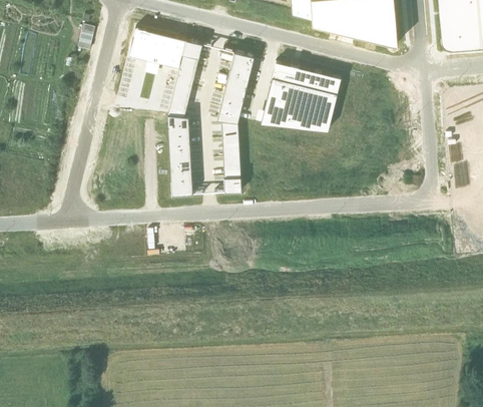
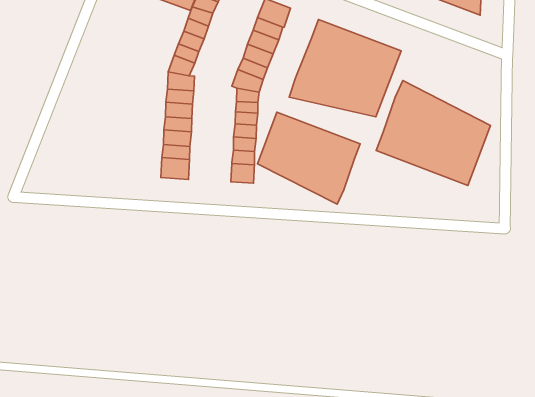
building: none -> [376,81,490,185]
building: none -> [258,112,360,204]

